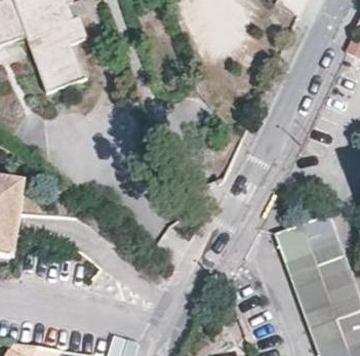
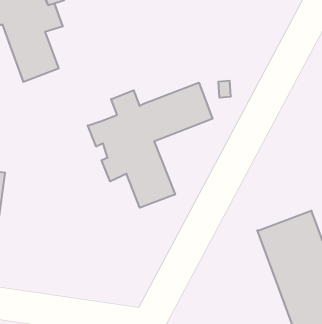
building: none -> [88,83,213,208]

